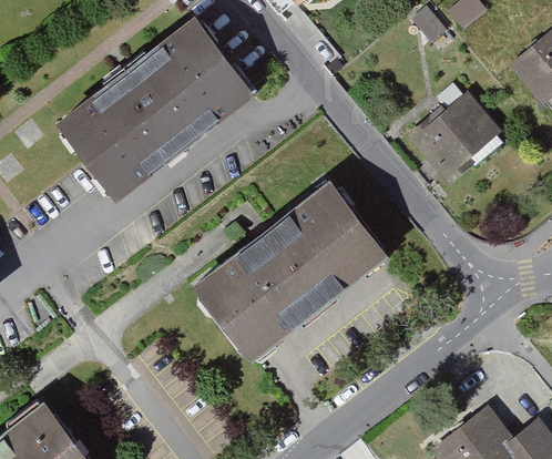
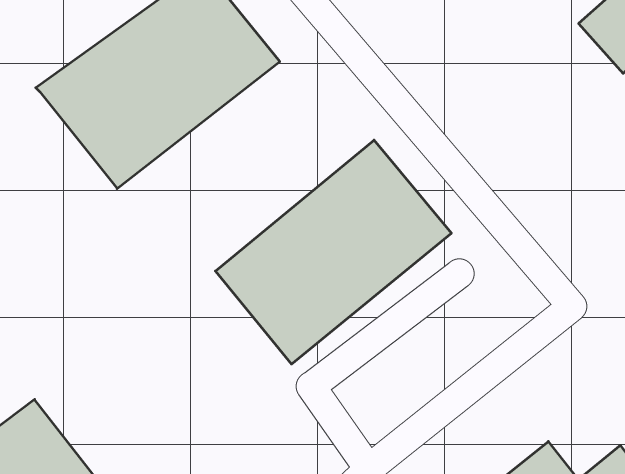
building: [407,93,504,186] -> none

